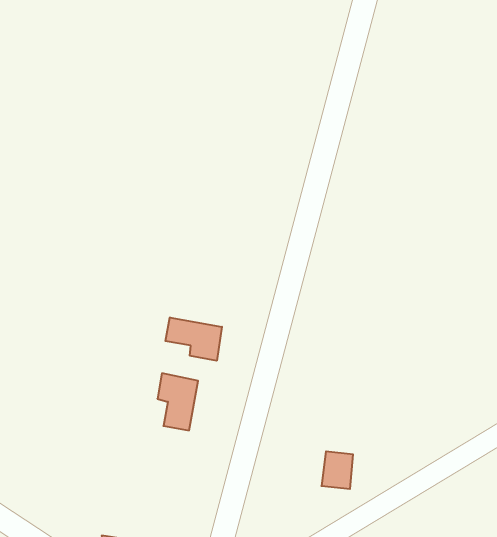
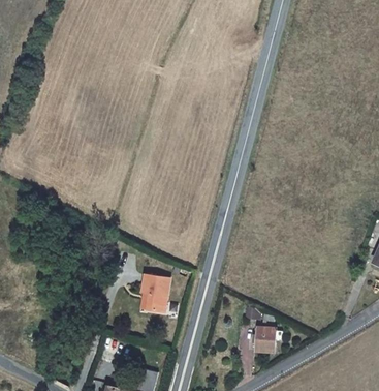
building: [165,317,222,361] -> none

